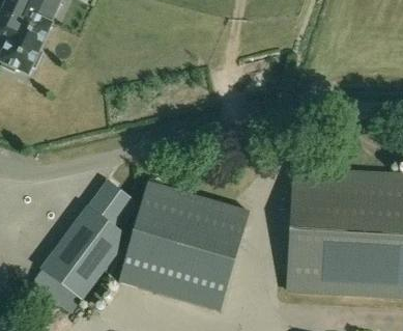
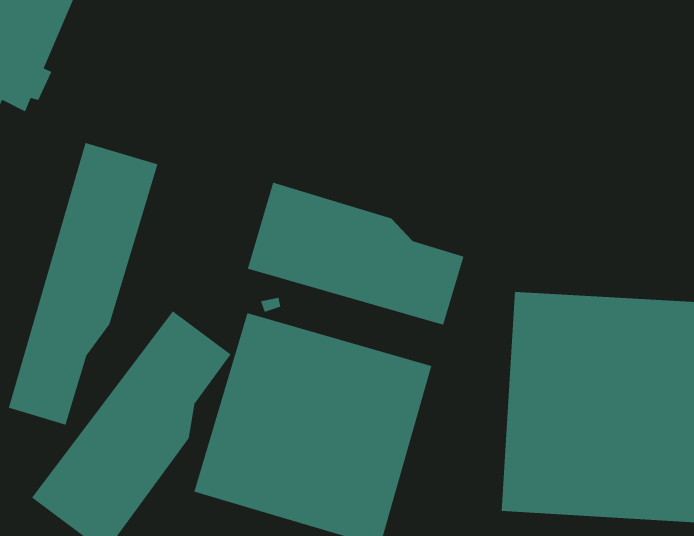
building: none -> [8,142,158,425]
building: none -> [247,182,464,326]

